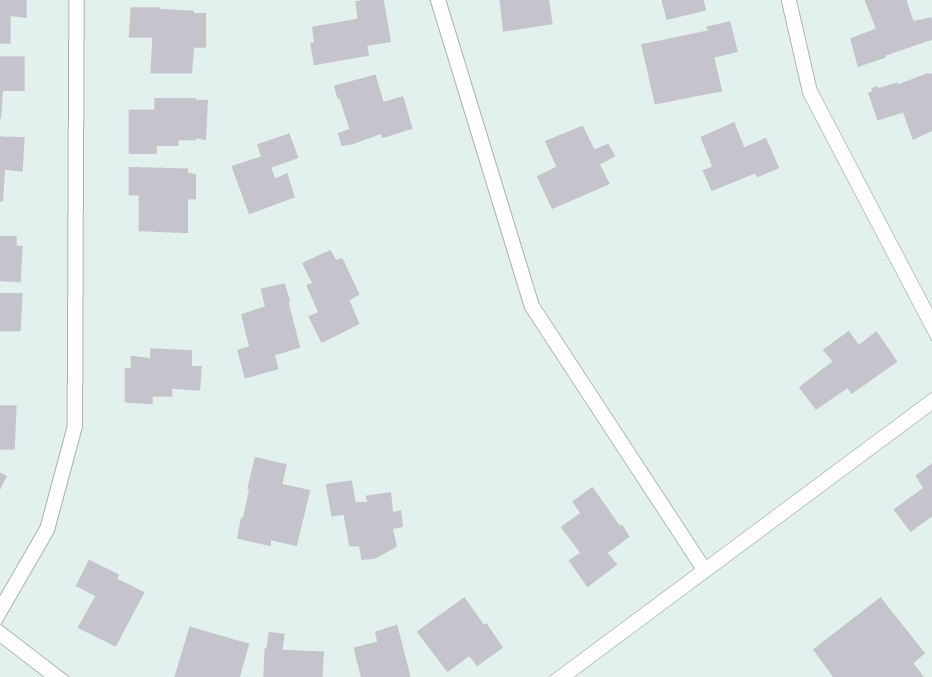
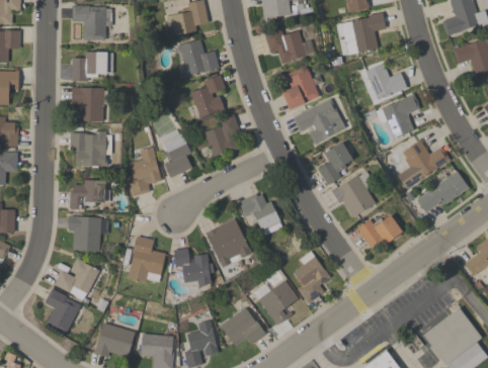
building: none -> [264,28,313,64]
building: [231,132,300,215] -> [190,75,226,117]
building: none -> [362,94,420,140]
building: none -> [293,98,345,144]
building: none -> [205,113,240,157]
building: none -> [70,131,105,168]
building: none -> [397,135,450,188]
building: none -> [317,142,352,185]
building: none -> [331,171,376,217]
building: none -> [239,193,281,236]
building: none -> [356,214,402,249]
building: none -> [69,215,107,252]
building: none -> [205,217,251,267]
building: none -> [54,258,102,295]
building: none -> [254,280,300,327]

